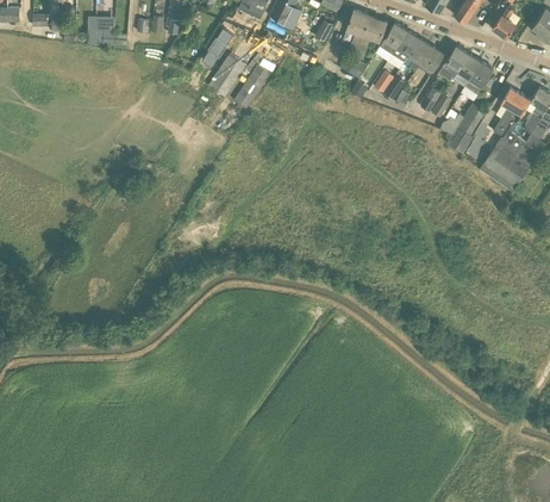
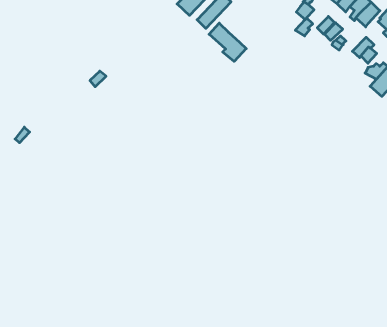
building: none -> [209,23,246,61]

